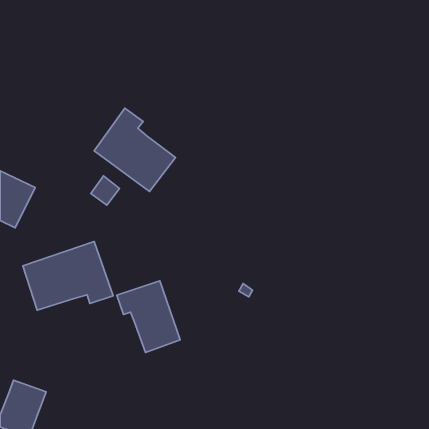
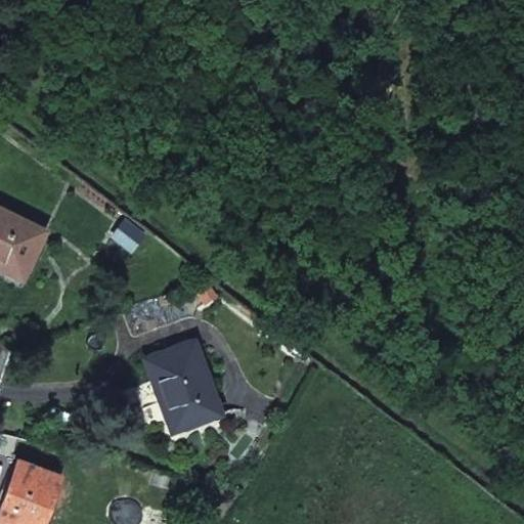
building: [94,108,175,192] -> none
building: [23,241,113,310] -> none

